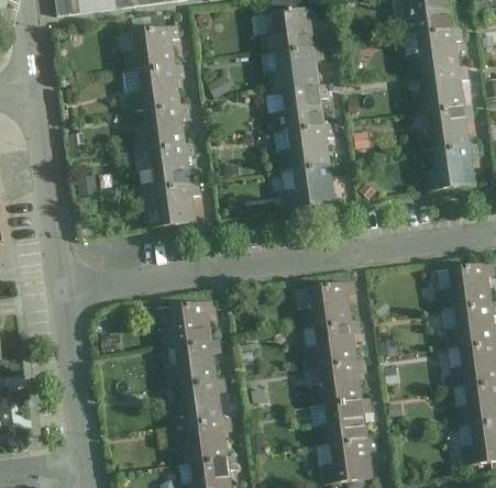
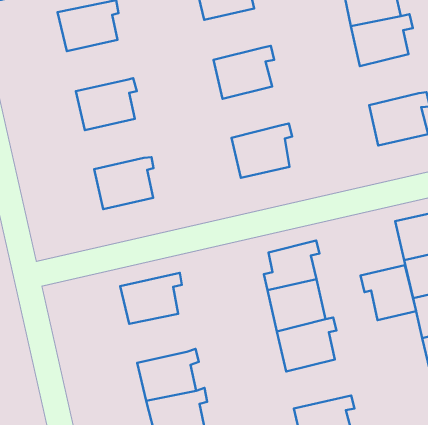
building: [264,42,326,91] -> none
building: [124,63,185,110] -> none
building: [415,102,476,151] -> none
building: [275,121,335,170] -> none
building: [135,142,195,189] -> none
building: none -> [360,265,416,320]
building: [162,340,222,386] -> none
building: [313,399,372,445] -> none

